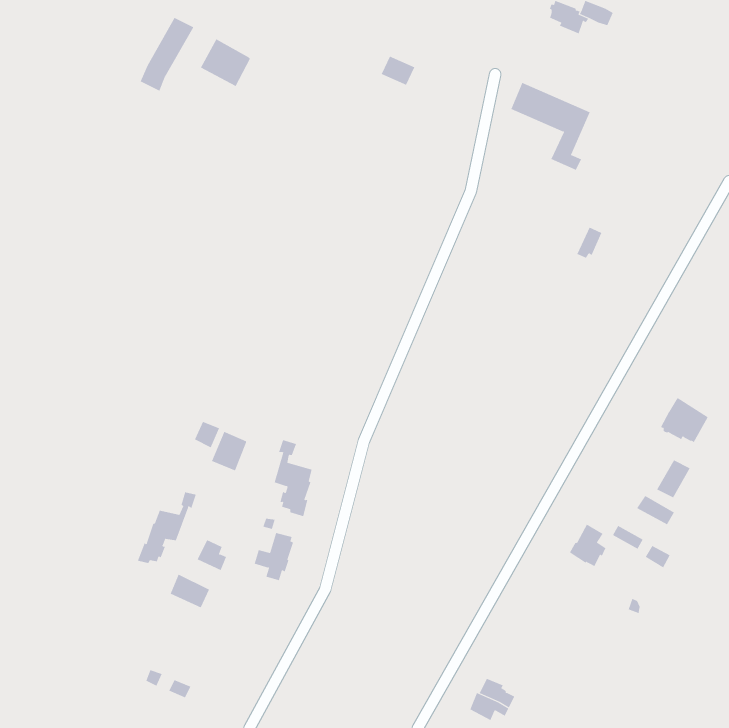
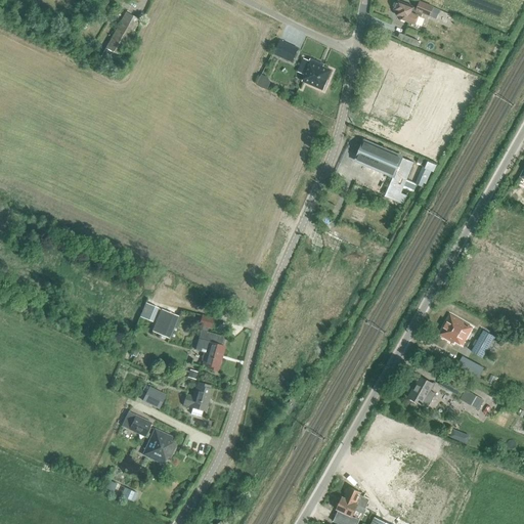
building: [200,39,250,87] -> none
building: none -> [302,58,332,89]
building: [511,82,590,171] -> [356,140,413,204]
building: [660,397,709,443] -> [438,312,473,345]
building: [137,492,196,564] -> none
building: none -> [141,428,176,464]

